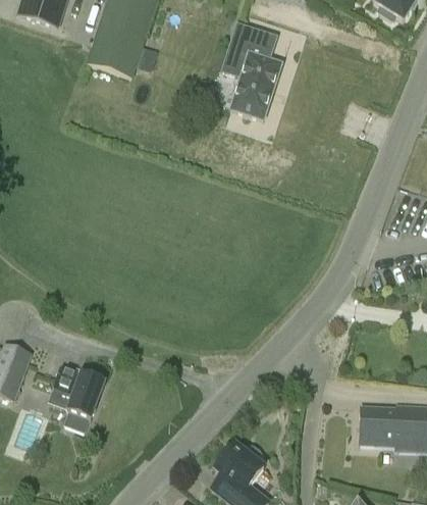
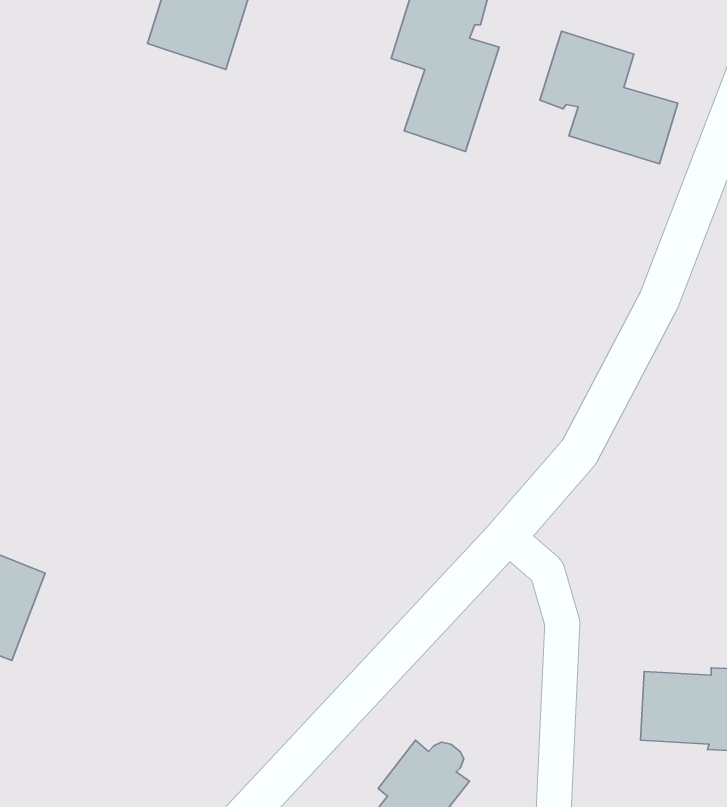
building: none -> [540,31,678,164]
building: [52,364,105,432] -> none

